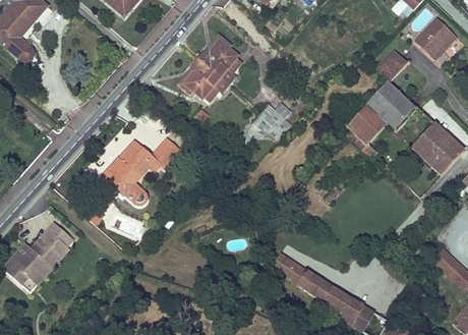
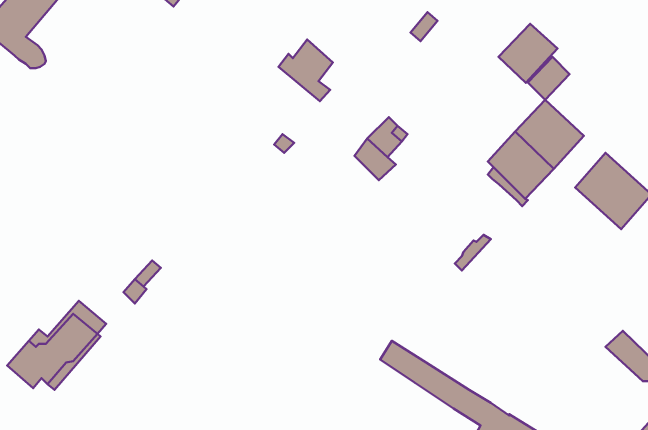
building: [414,17,456,59] -> [499,24,557,83]
building: [183,58,228,98] -> none
building: [101,138,180,204] -> none

